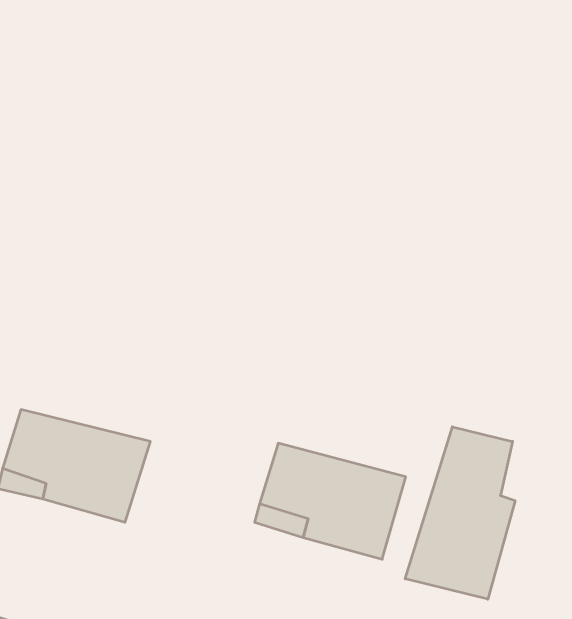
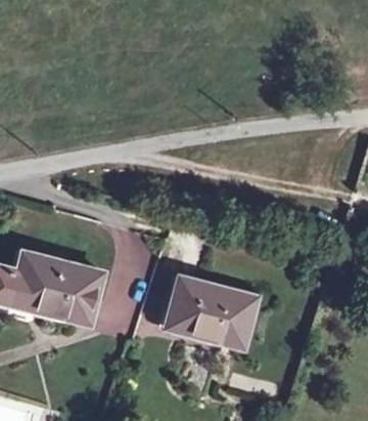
building: [405,427,515,599] -> none

